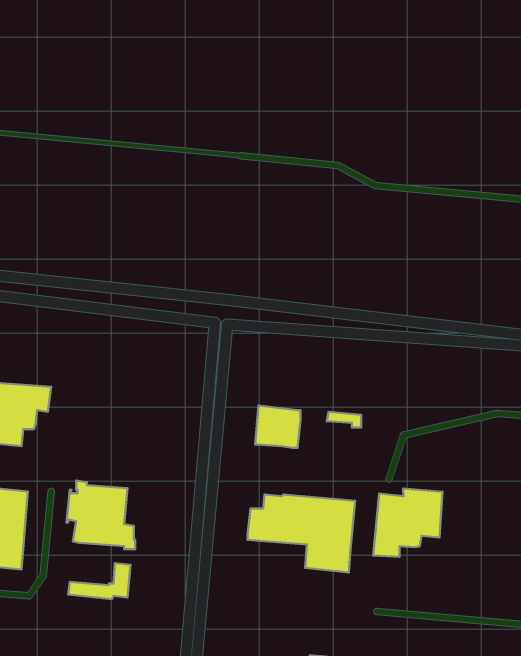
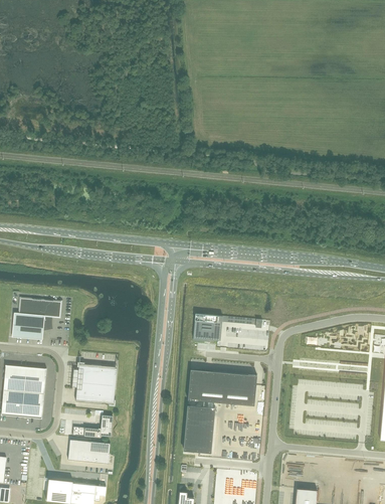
building: [373,488,443,557] -> none
building: none -> [184,404,215,453]
building: none -> [68,439,111,463]

